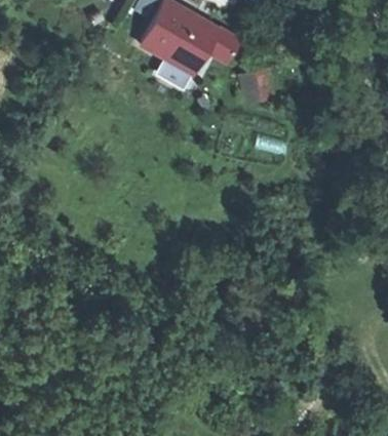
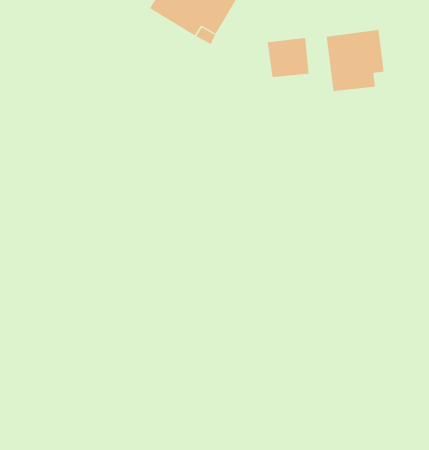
building: none -> [326,29,384,92]

